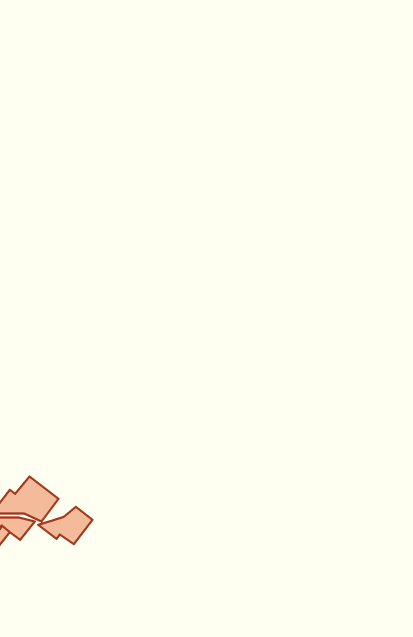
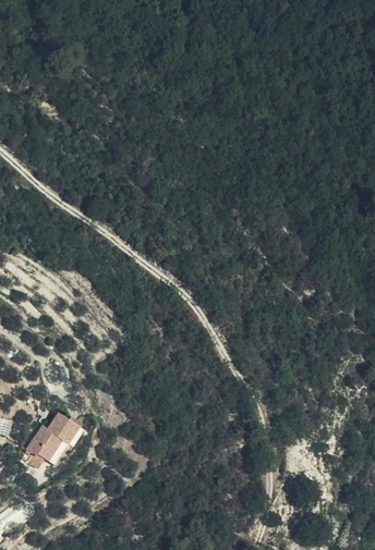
building: [38,507,93,544] -> none

